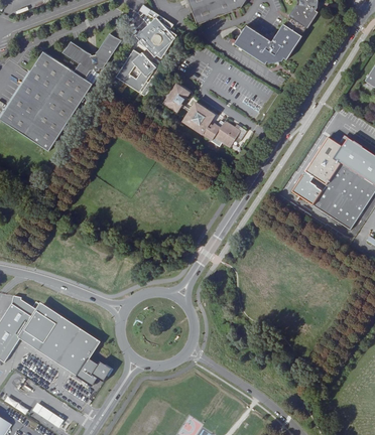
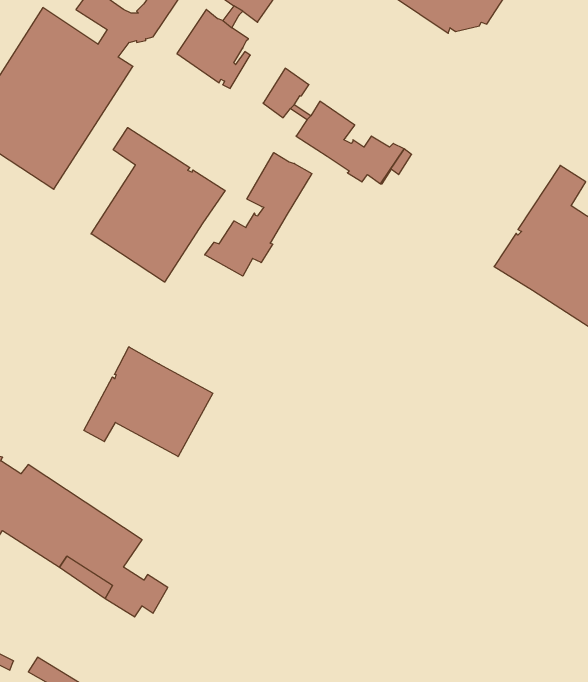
building: none -> [91,128,225,282]
building: none -> [205,153,312,276]
building: none -> [84,347,213,457]

